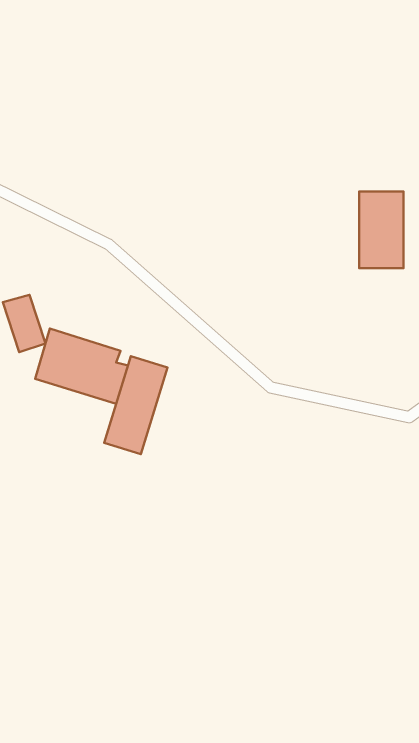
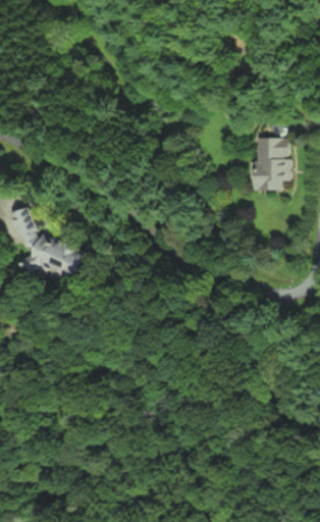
building: [104,356,167,454] -> none

